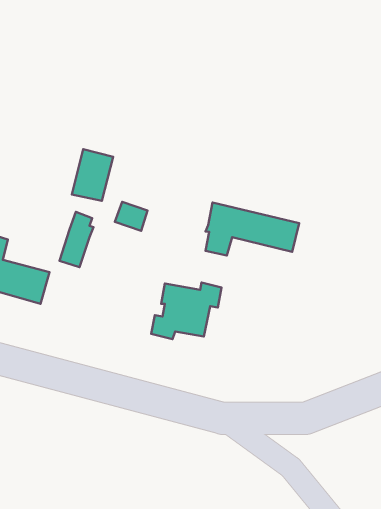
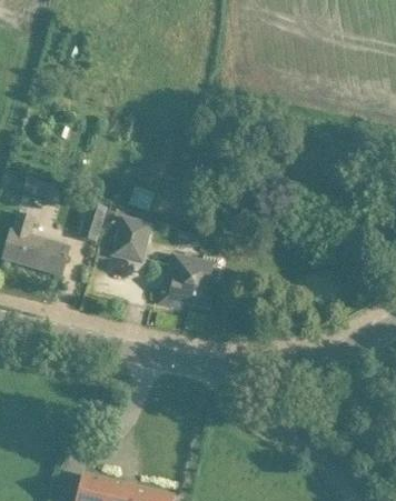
building: [72,149,113,201] -> [112,214,149,260]
building: [205,203,299,255] -> none

